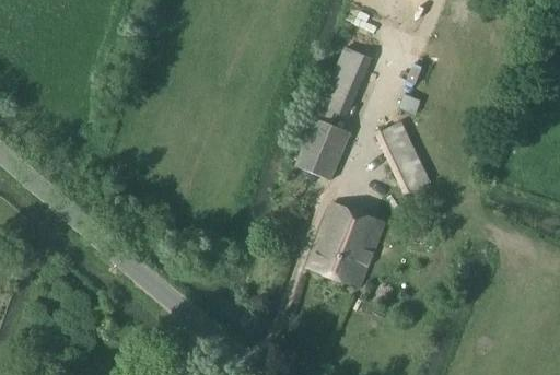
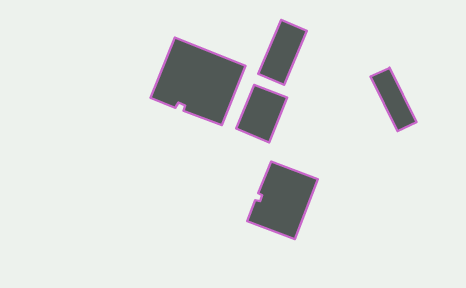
building: none -> [150,38,246,125]
building: [380,121,430,191] -> [371,67,416,131]

